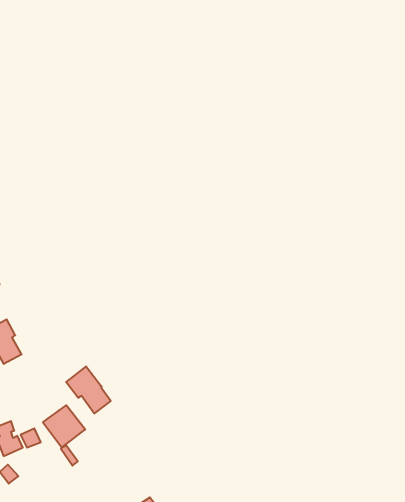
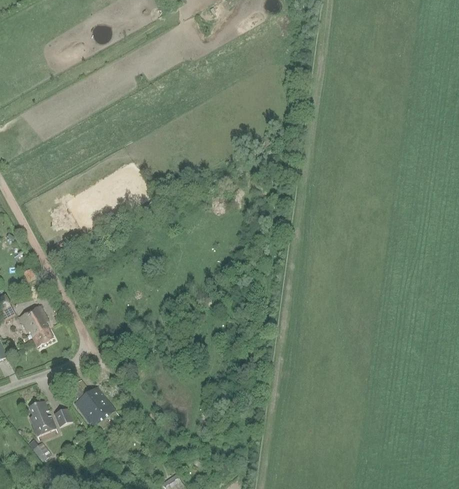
building: [66,366,111,413] -> none

